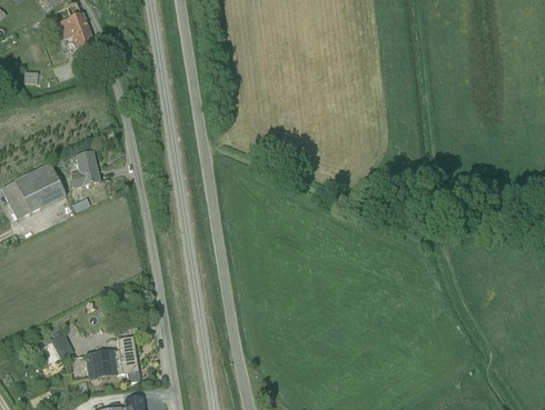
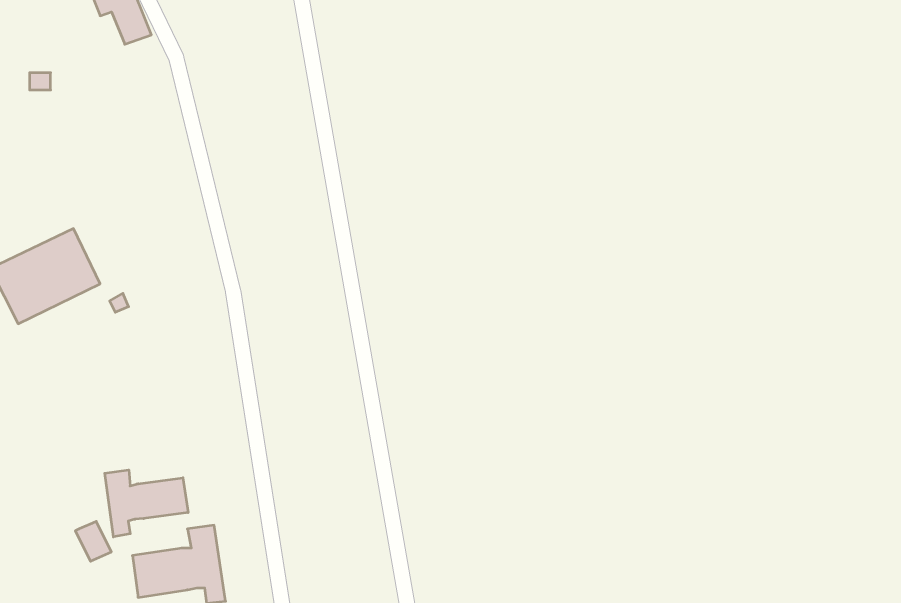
building: [70,151,99,186] -> none
building: none -> [105,470,188,537]

